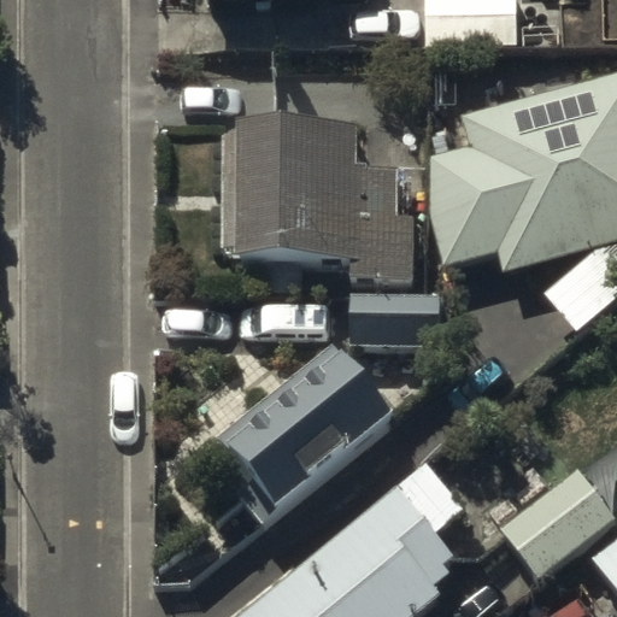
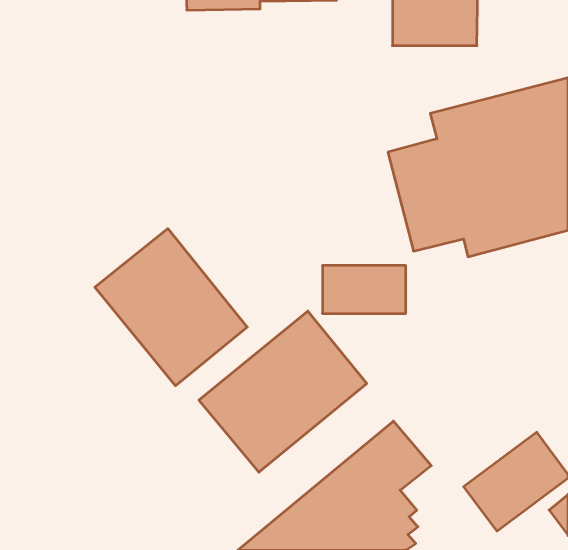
building: [236,122,416,274] -> none
building: none -> [95,229,247,386]

